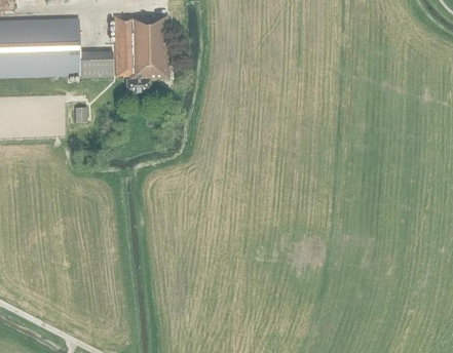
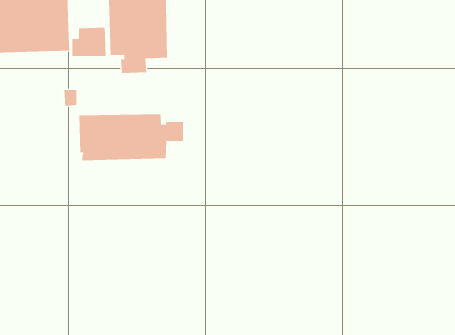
building: none -> [79,113,184,161]

